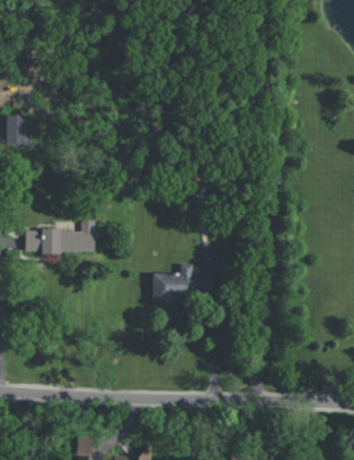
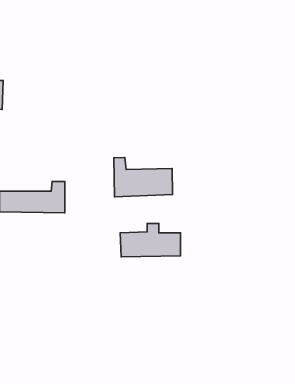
building: none -> [114,158,173,197]

